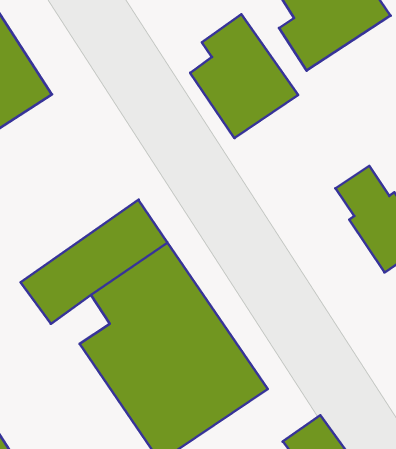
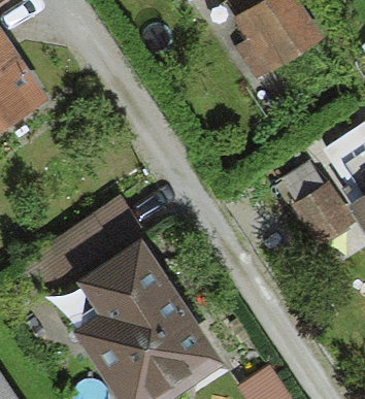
building: [190,14,298,138] -> none

